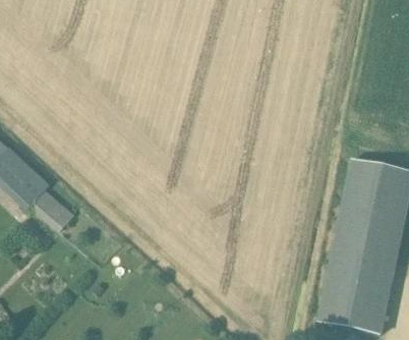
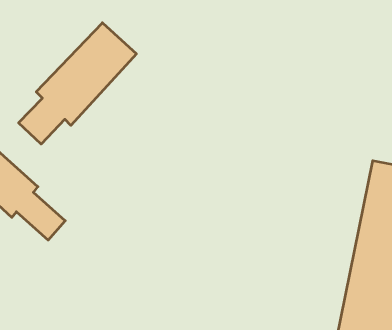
building: none -> [19,23,136,144]

